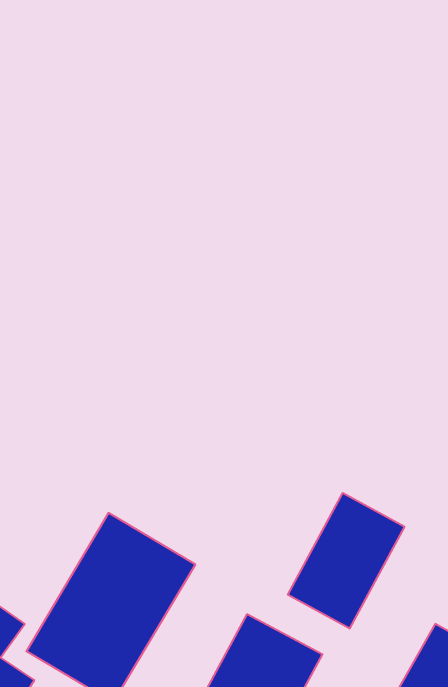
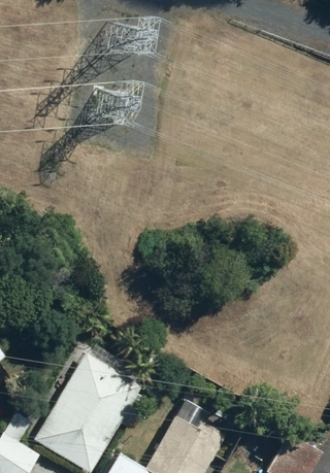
building: [288,493,404,629] -> none

